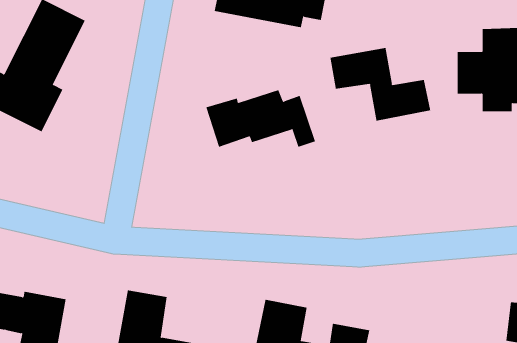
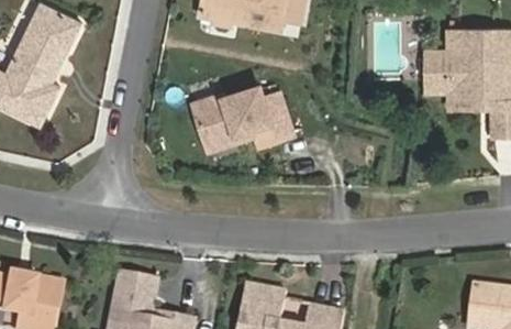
building: [330,47,431,122] -> none

